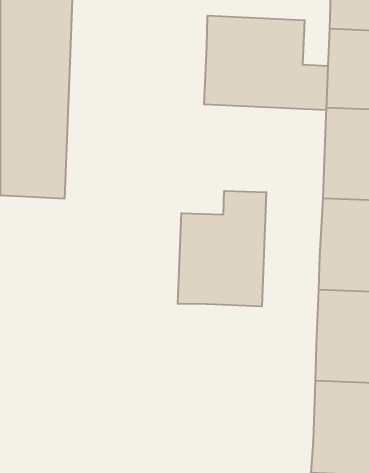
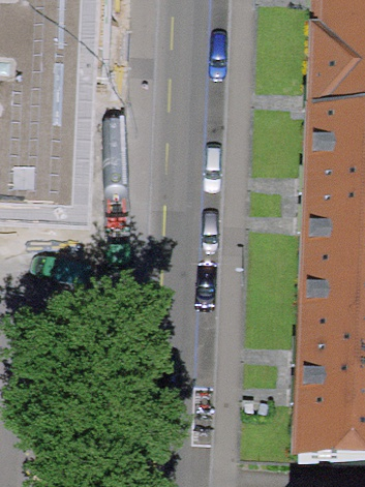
building: [204,16,328,110] -> none
building: [178,191,266,306] -> none

